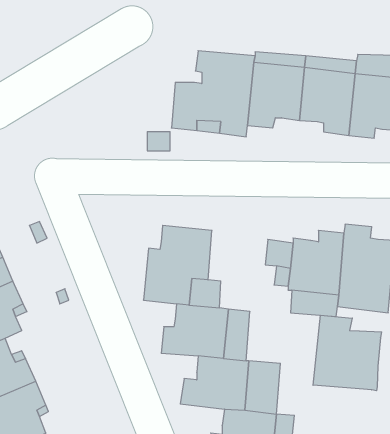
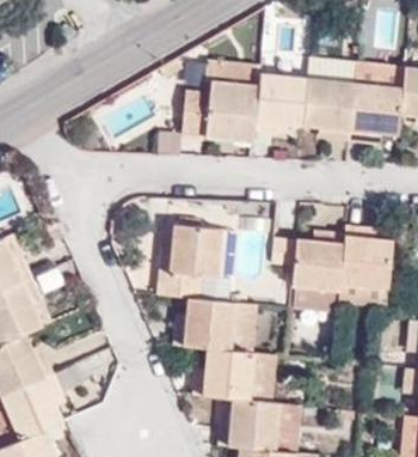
building: [313,315,382,391] -> none

